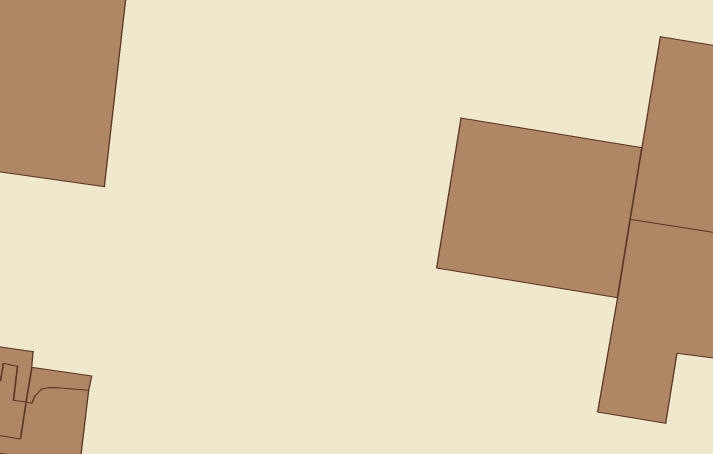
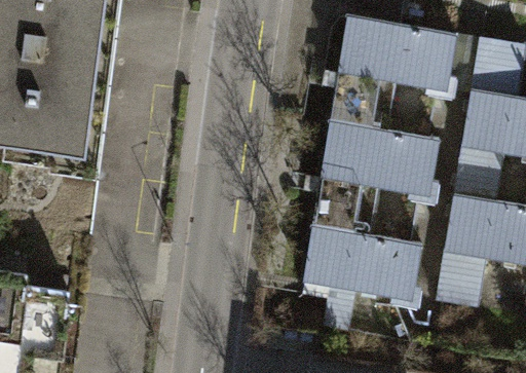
building: none -> [333,24,477,125]
building: none -> [301,212,446,315]

